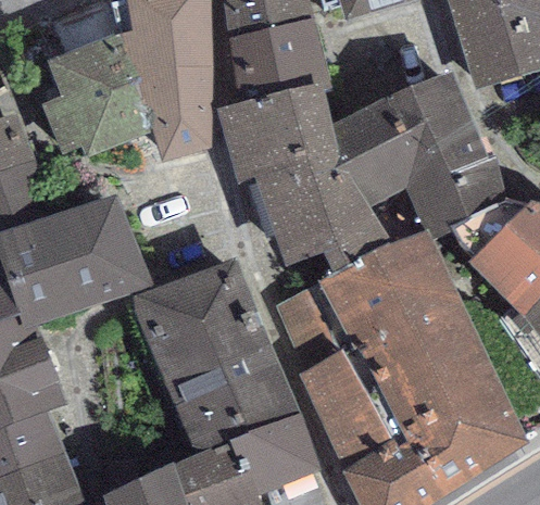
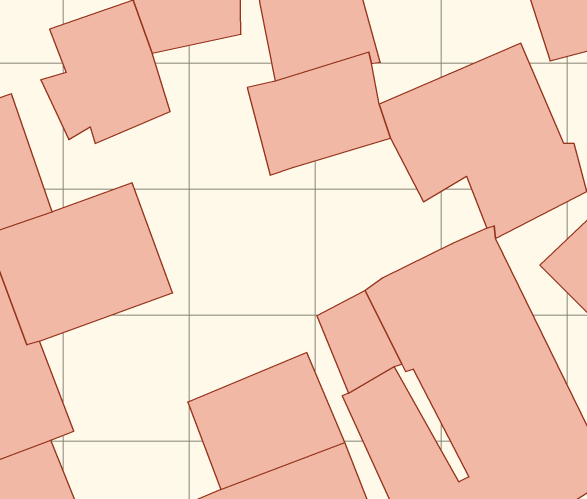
building: [134,64,210,161] -> none
building: [254,153,391,273] -> none
building: [131,257,266,379] -> none

